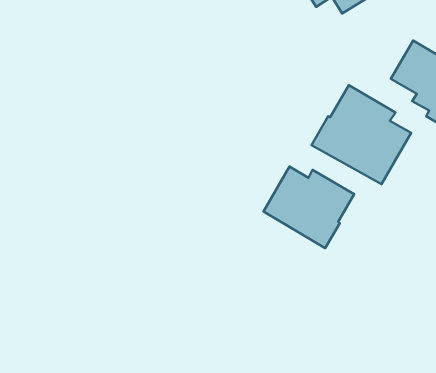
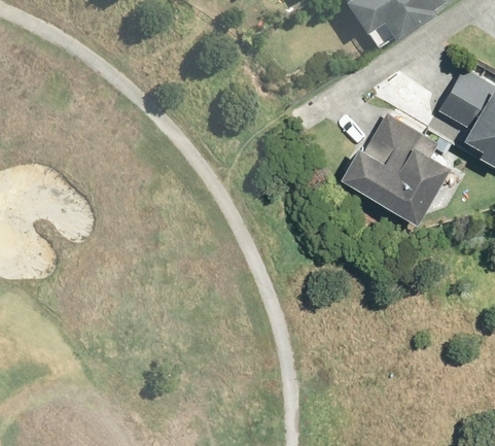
building: [264,166,354,248] -> none

